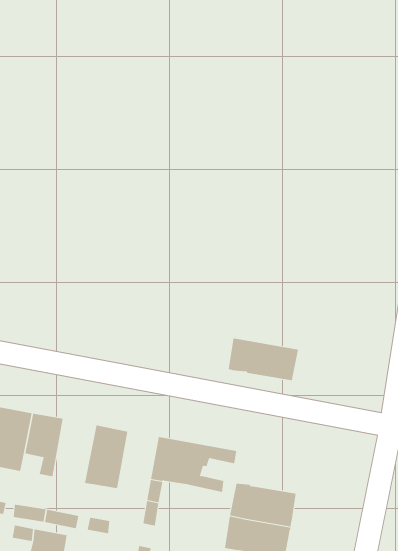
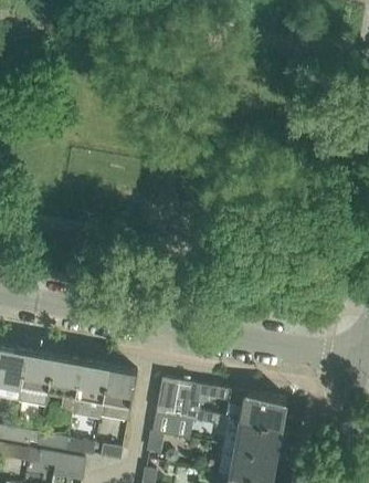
building: [228,338,299,381] -> [225,390,286,427]
building: none -> [72,363,109,421]

